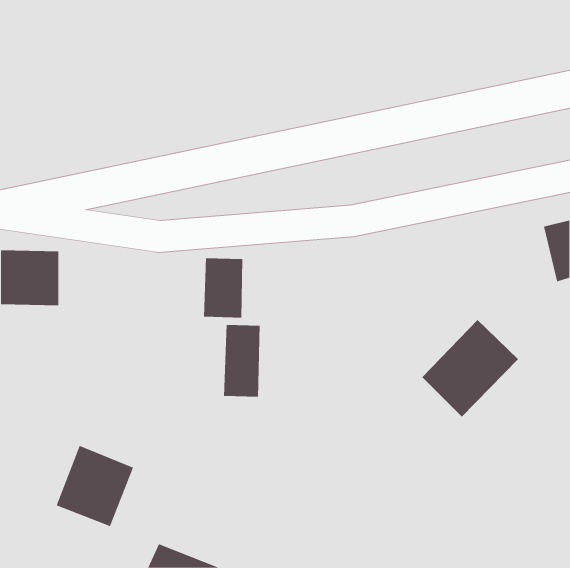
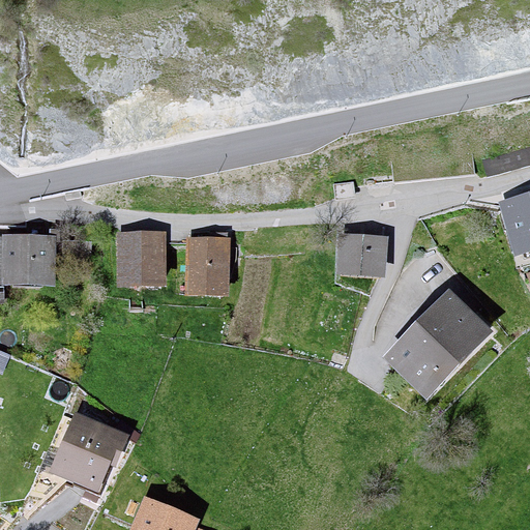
building: none -> [127,234,161,286]
building: none -> [342,234,379,272]
building: [224,324,260,397] -> none

